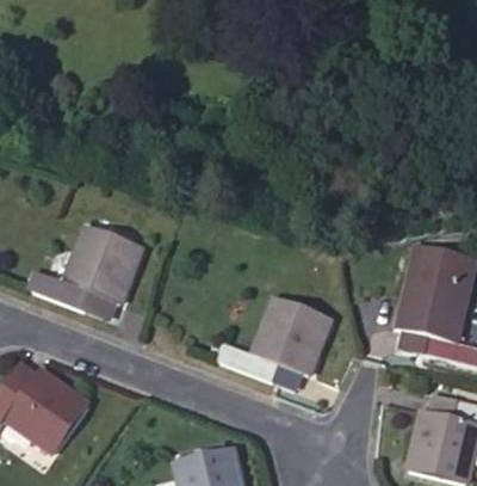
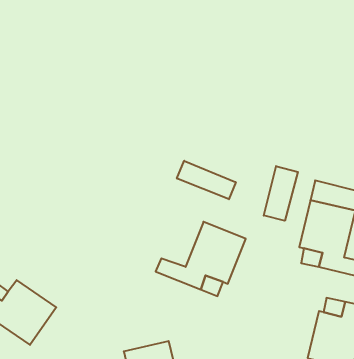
building: none -> [177,161,236,199]
building: [26,224,141,310] -> none
building: none -> [264,166,298,221]

